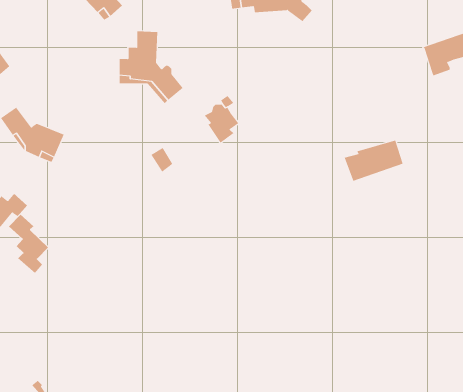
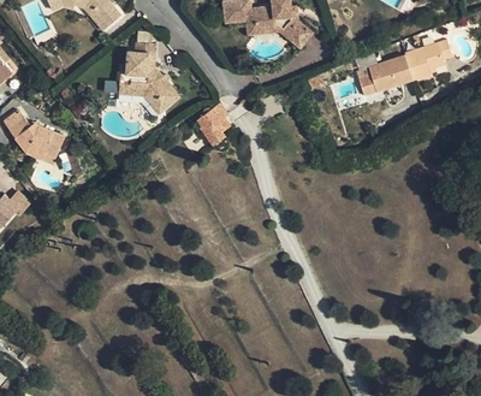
building: none -> [244,20,309,43]
building: [344,140,403,182] -> [356,57,412,96]
building: [8,214,49,274] -> none

